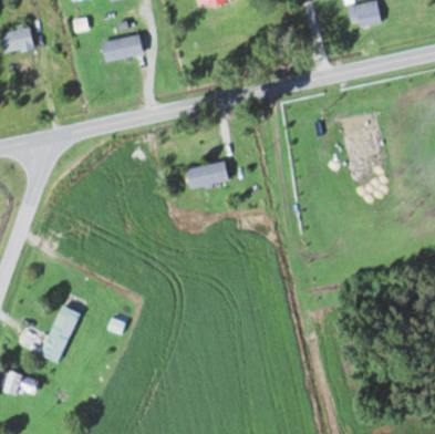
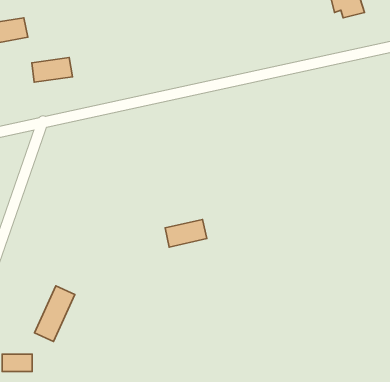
building: [101,35,143,61] -> [32,58,72,82]
building: [185,161,228,189] -> [165,219,207,247]

